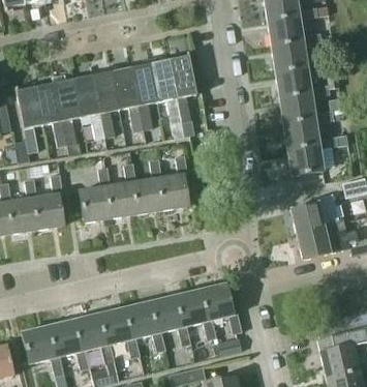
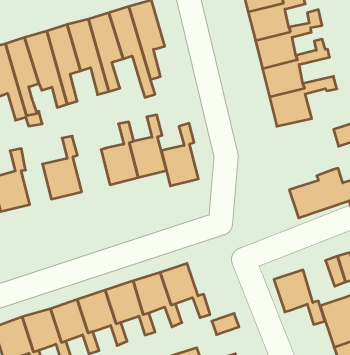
building: [105,162,136,217] -> [161,123,198,186]
building: [290,192,337,232] -> none
building: [200,284,242,333] -> [274,270,325,324]

